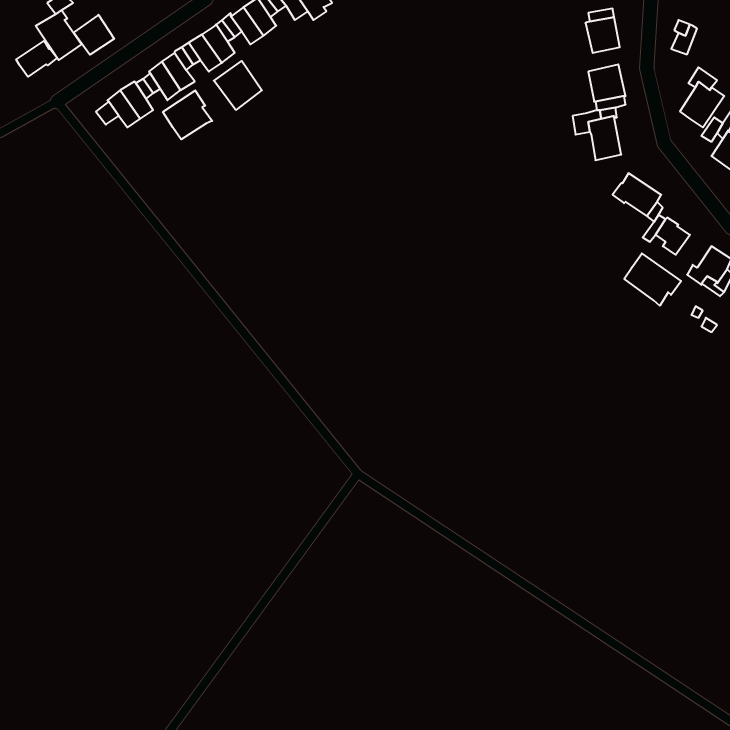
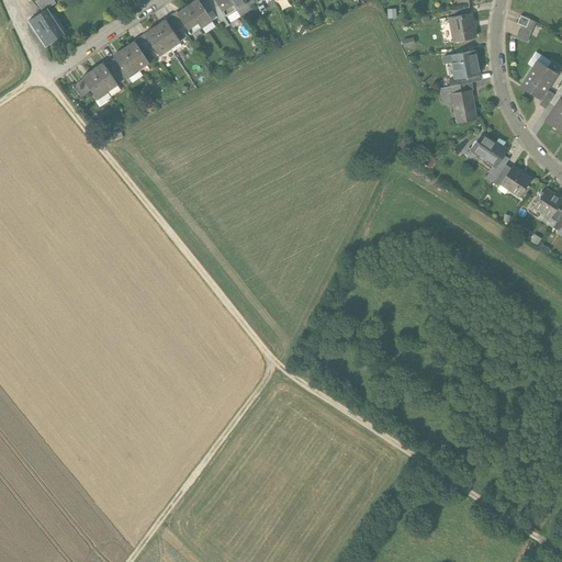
building: [74,15,114,55] -> none
building: [16,41,57,77] -> none
building: [214,61,262,110] -> none
building: [163,90,212,139] -> none
building: [624,253,681,306] -> none

